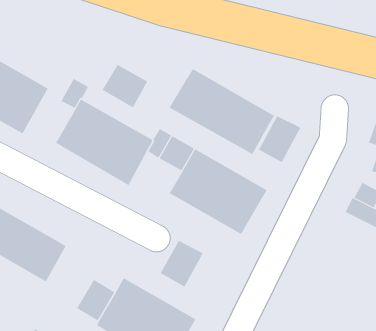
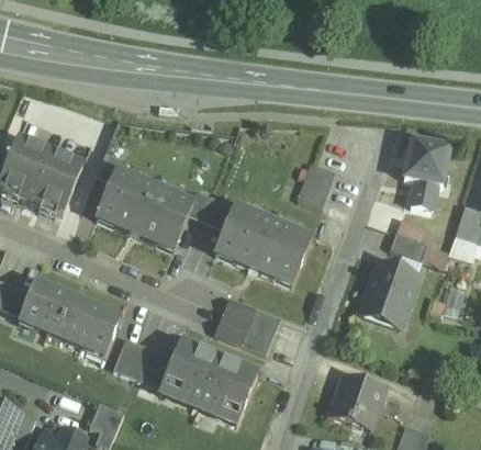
building: [102,64,148,108] -> none
building: [169,69,275,155] -> none
building: none -> [360,259,418,315]
building: none -> [242,306,280,352]
building: none -> [113,336,150,376]

